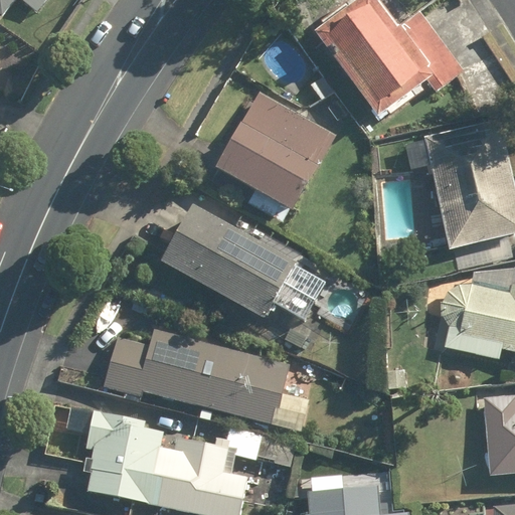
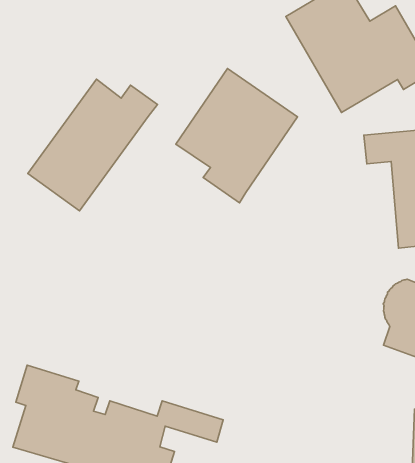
building: none -> [28,79,158,211]
building: [160,207,324,321] -> none
building: [109,329,309,428] -> none

